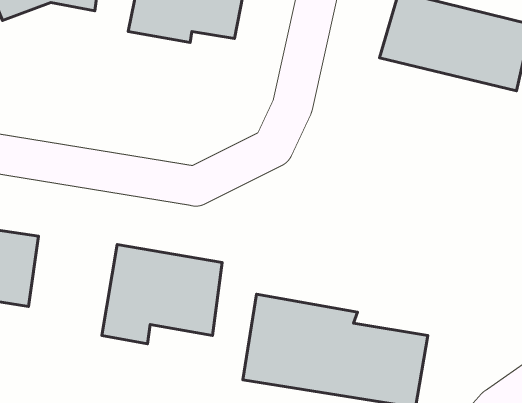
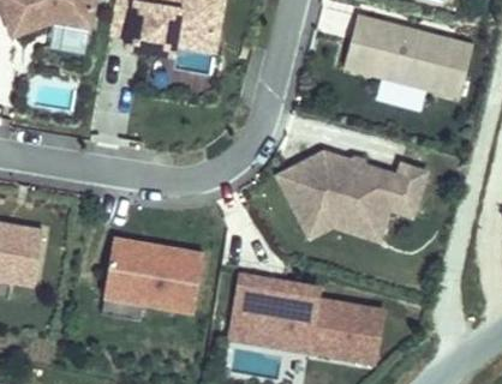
building: none -> [271,146,430,240]

